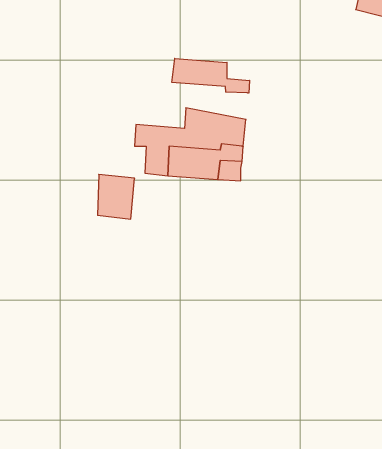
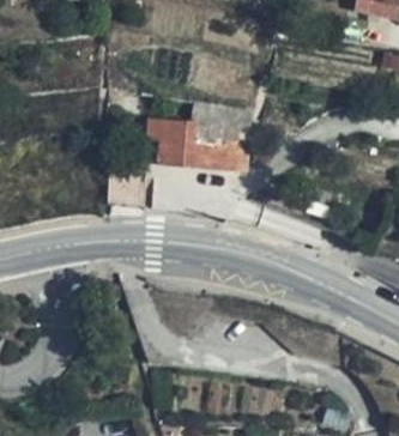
building: [172,58,250,93] -> none

